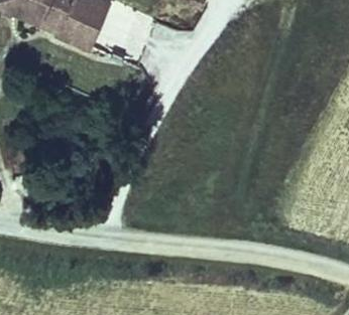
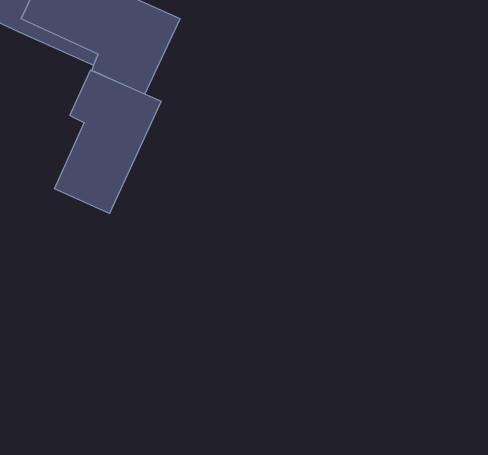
building: none -> [54,70,161,214]

